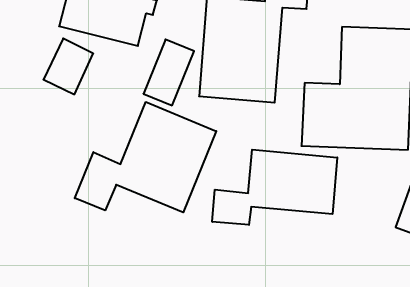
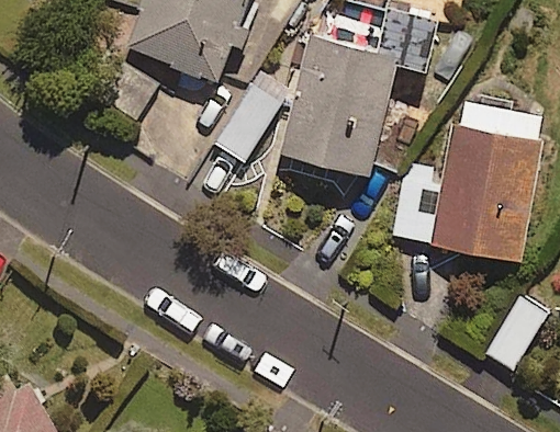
building: [75,102,216,212] -> none
building: [212,150,337,225] -> none

